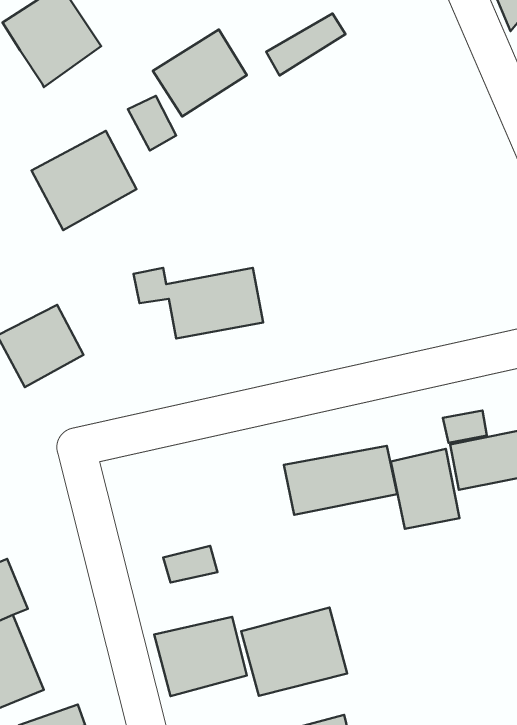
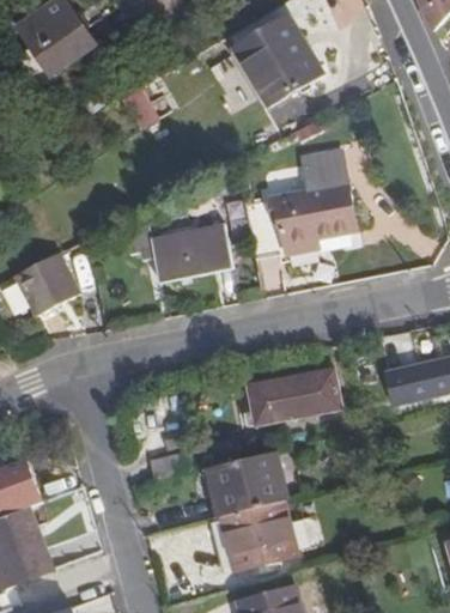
building: [153,30,247,116] -> [244,34,321,104]
building: [31,131,137,230] -> none
building: none -> [272,156,355,253]
building: [391,449,460,529] -> none
building: [154,617,247,696] -> [209,453,285,517]

